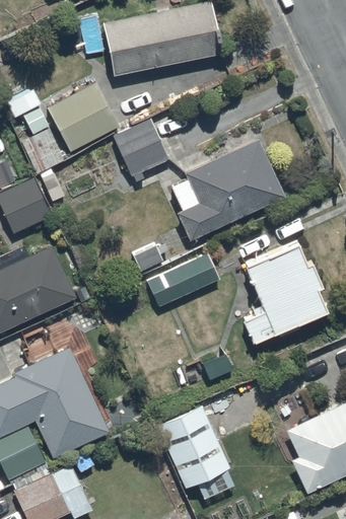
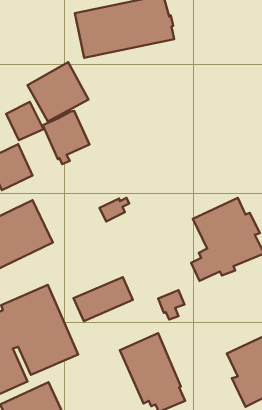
building: [113,119,168,182] -> [43,111,89,164]
building: [170,139,284,241] -> none
building: [147,254,218,307] -> [74,277,133,321]

